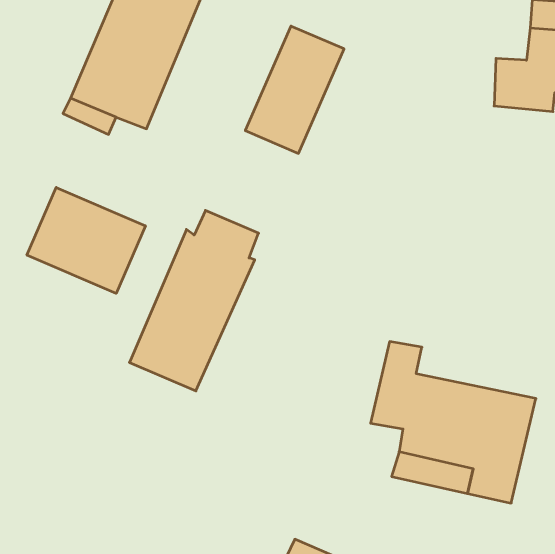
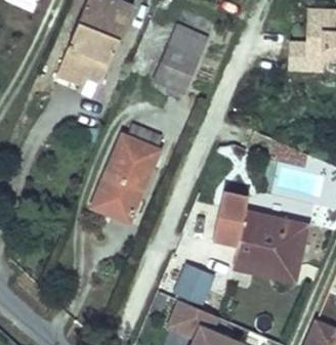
building: [27,187,145,293] -> none
building: none -> [175,265,213,303]

